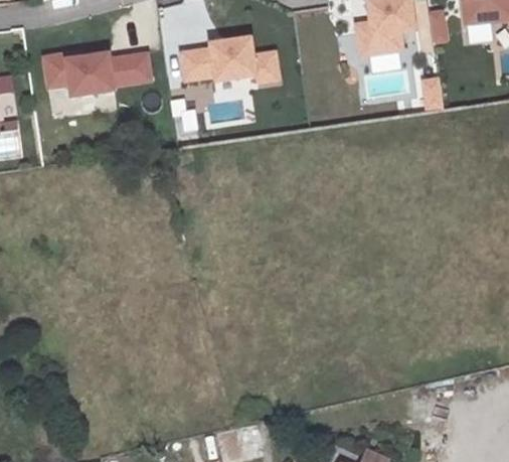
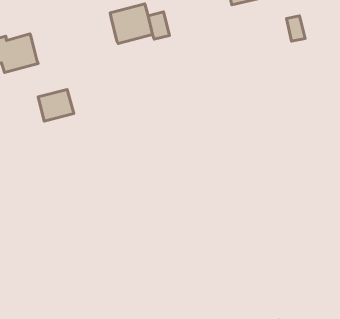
building: [180,50,214,83] -> none
building: [112,54,152,89] -> [38,89,74,121]

